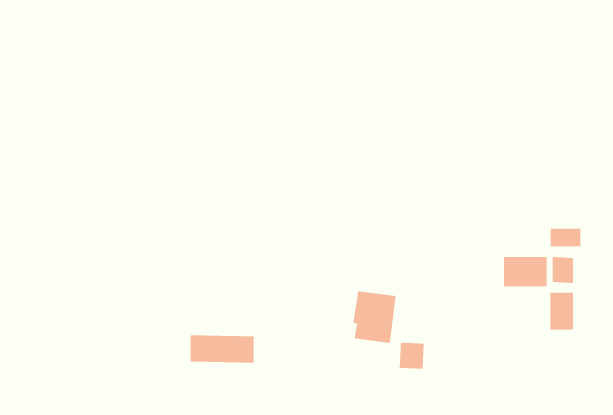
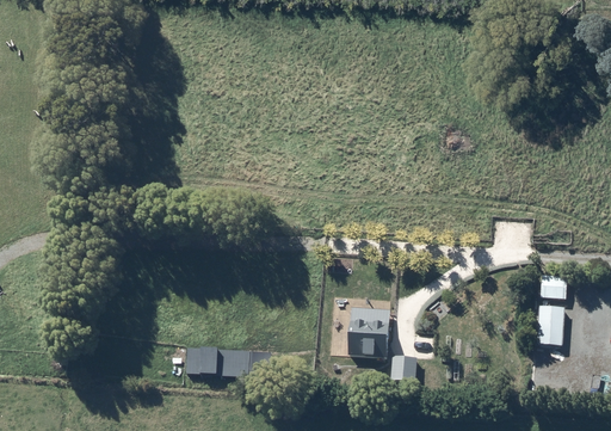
building: [550,228,581,247] -> none
building: [503,256,547,287] -> none

